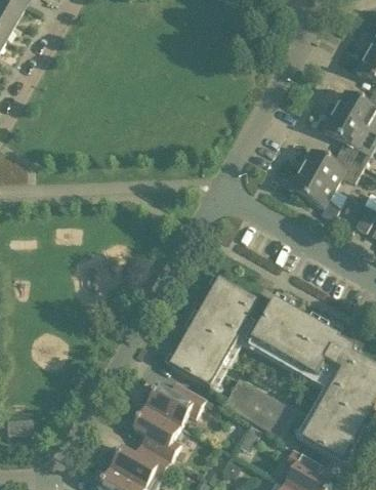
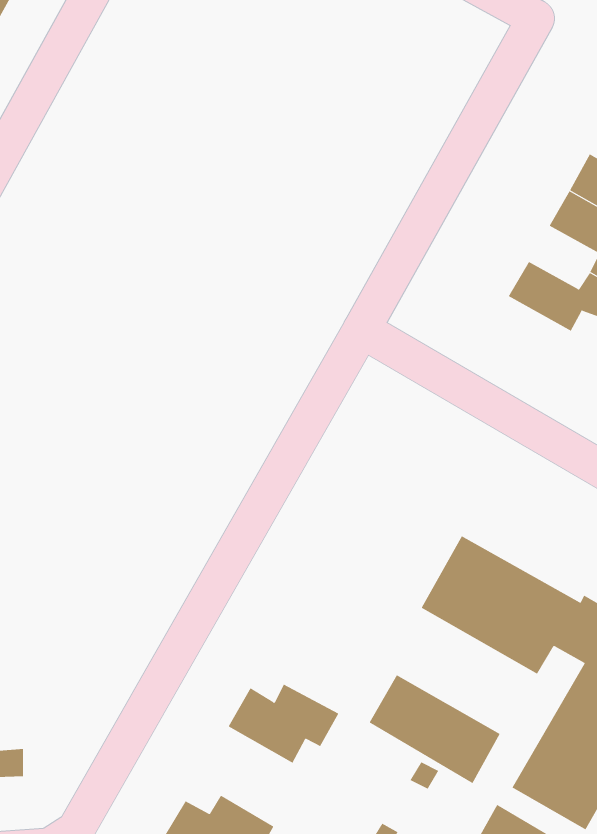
building: [288,167,339,213] -> none
building: [168,277,258,386] -> none
building: [132,405,180,460] -> none

